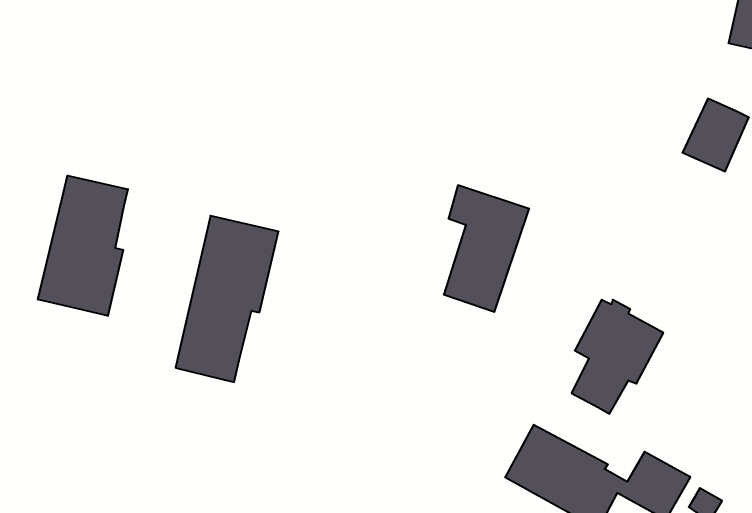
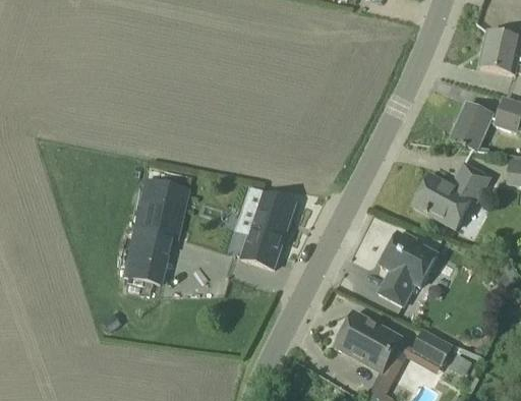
building: [38,176,128,316] -> none
building: [444,185,529,312] -> [240,187,295,269]
building: none -> [412,164,488,229]

